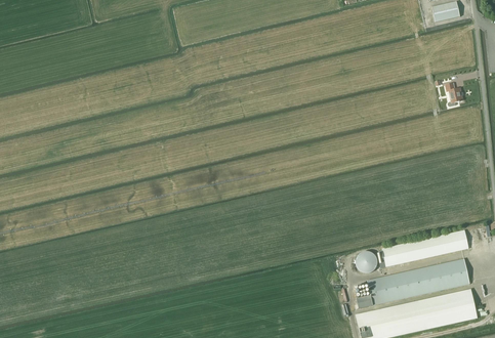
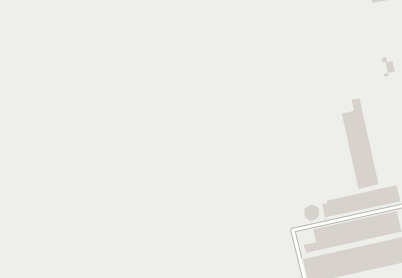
building: none -> [341,98,379,190]

